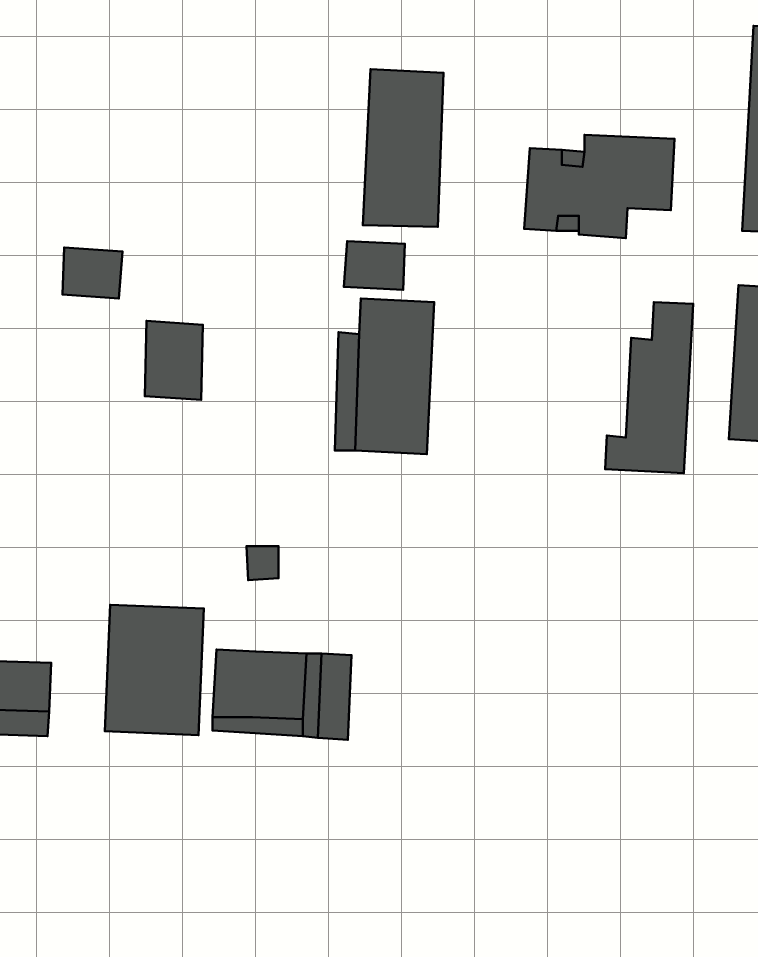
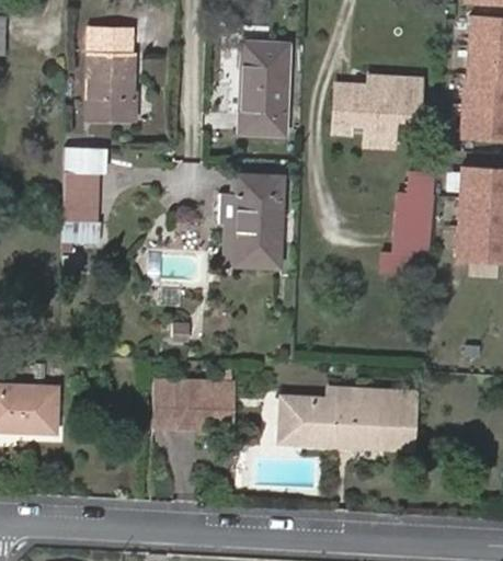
building: none -> [89,28,139,118]
building: [344,241,405,290] -> none
building: [145,321,203,400] -> [65,172,99,218]
building: [105,605,204,735] -> none
building: none -> [282,387,418,445]

